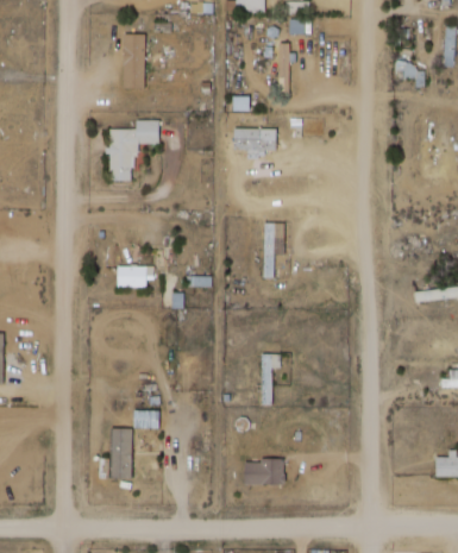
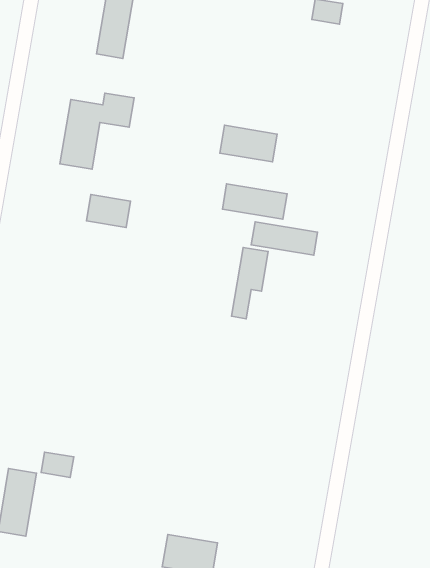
building: none -> [222,184,287,219]
building: none -> [251,222,318,255]
building: [115,268,148,289] -> [87,194,131,228]

